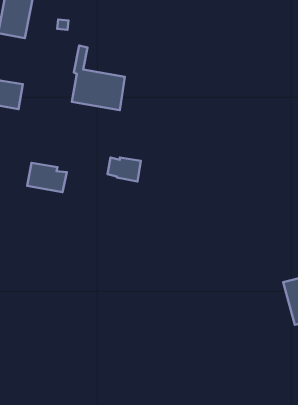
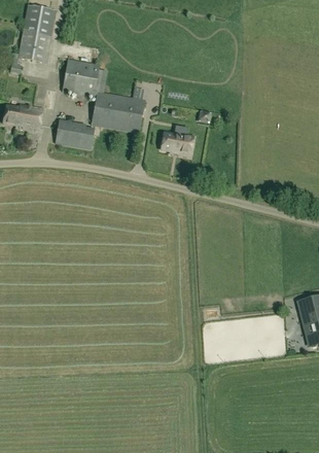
building: none -> [62,59,98,96]
building: [107,158,141,182] -> [160,132,192,155]
building: [27,163,67,192] -> [55,119,94,148]

